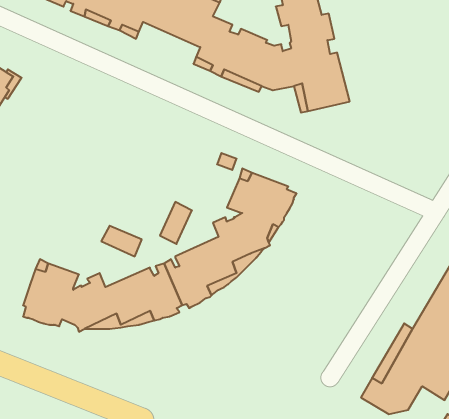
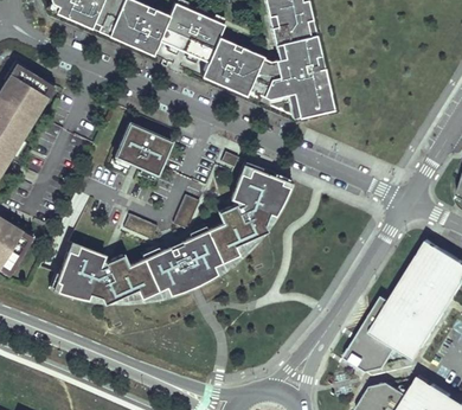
building: none -> [115,122,172,173]

